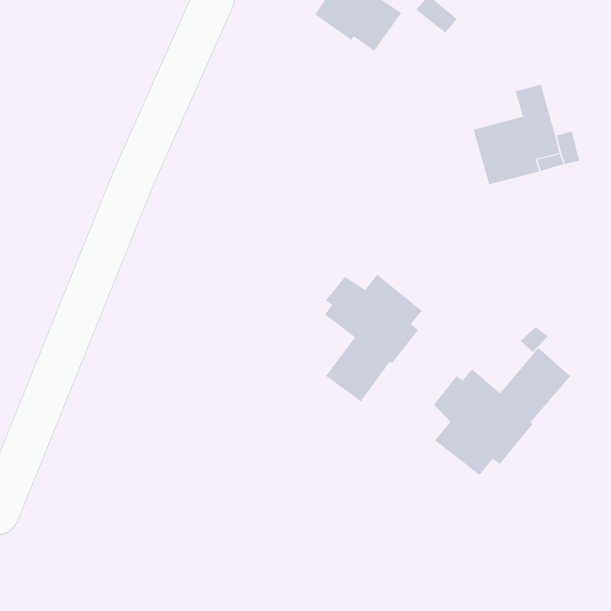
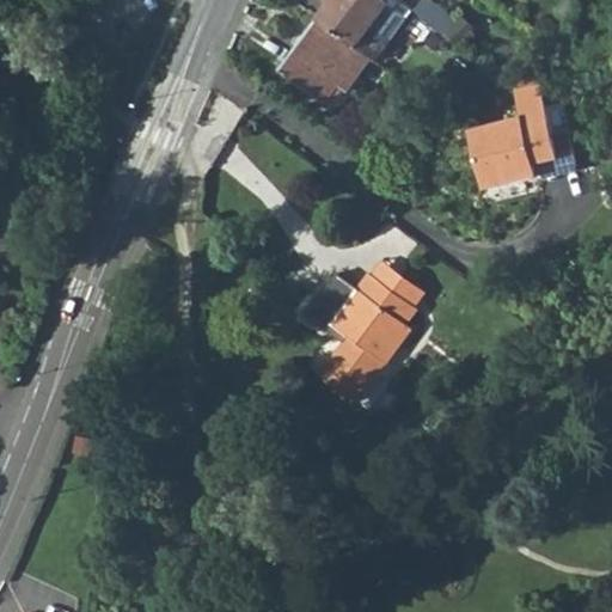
building: none -> [276,14,366,99]
building: [433,347,571,476] -> none

